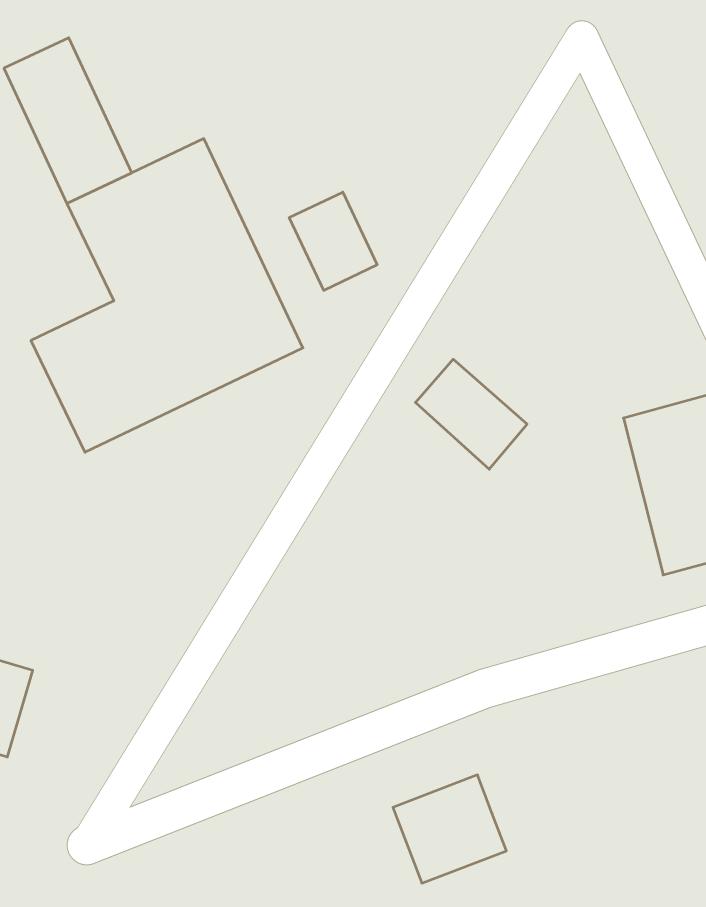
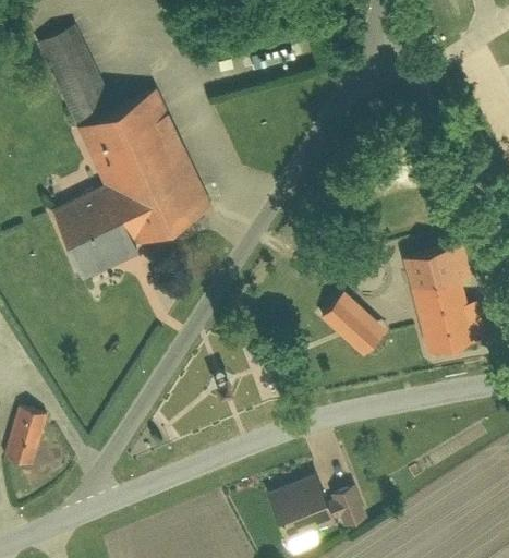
building: [289,192,377,290] -> none
building: [415,359,527,469] -> [322,291,389,357]
building: none -> [328,485,371,526]

